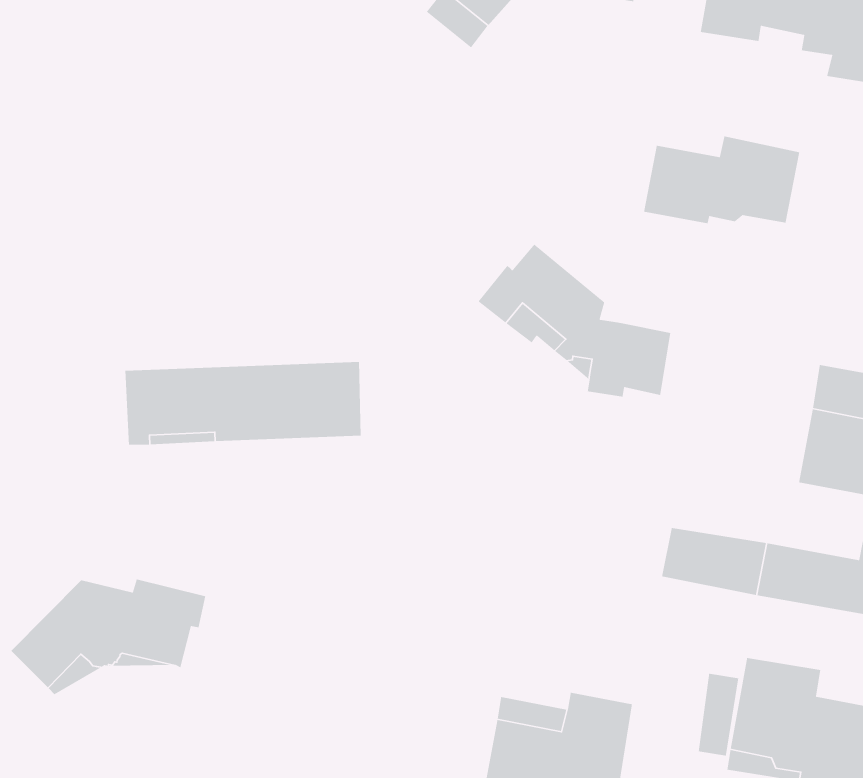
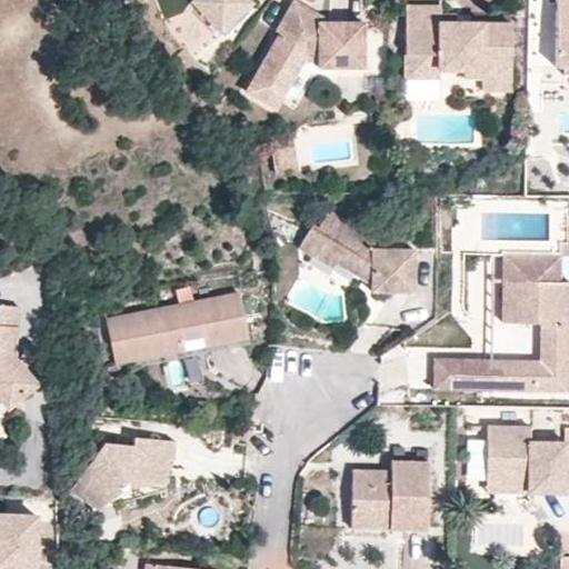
building: [643,136,800,224] -> none

